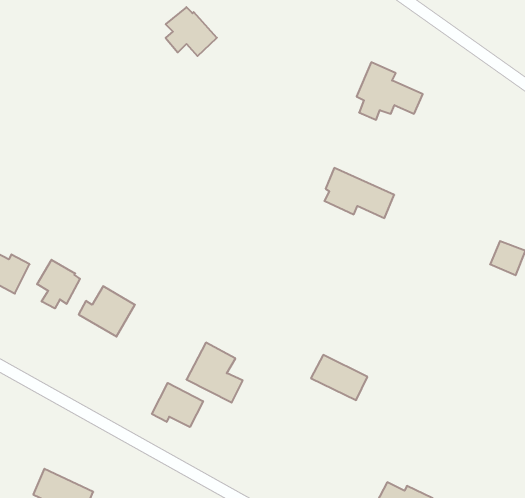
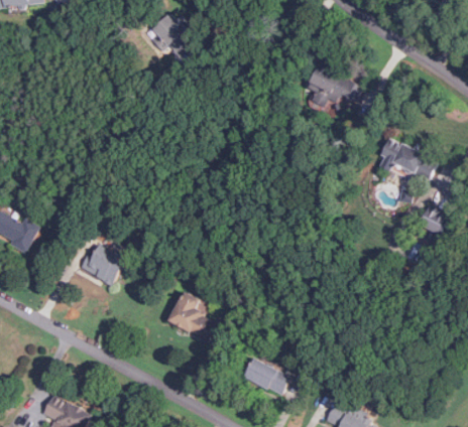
building: [324,168,394,218] -> [379,138,437,179]
building: [37,260,80,308] -> none
building: [311,355,367,400] -> [243,358,289,395]
building: [152,383,203,427] -> none

